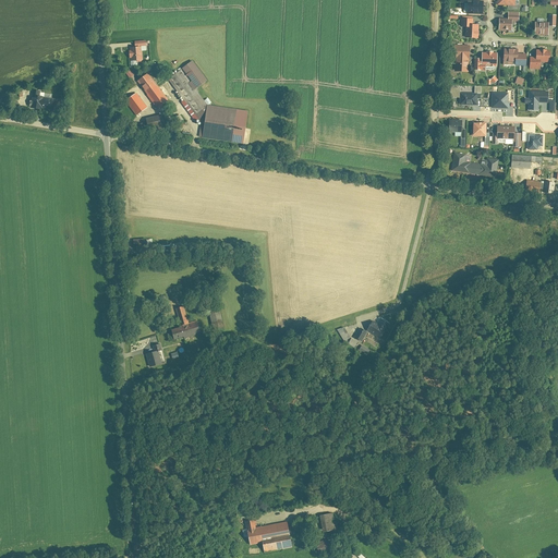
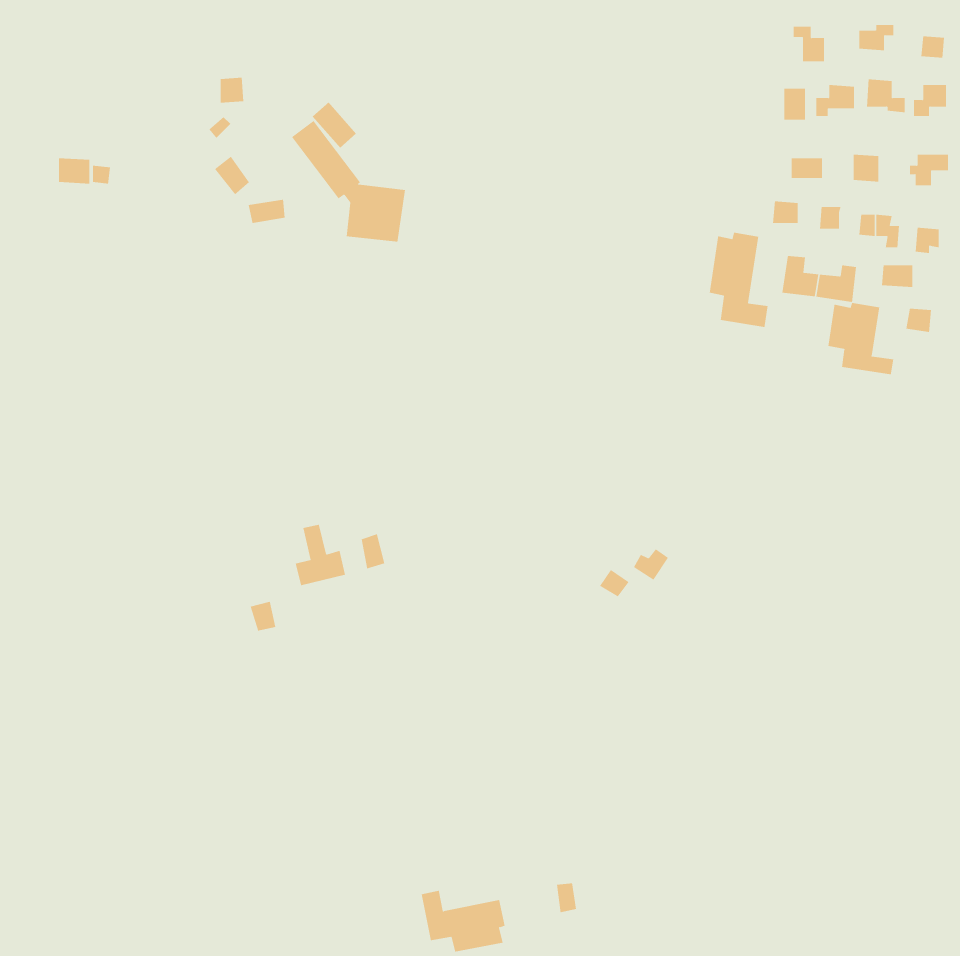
building: [136,71,168,106] -> none
building: none -> [709,232,768,328]
building: none -> [828,302,894,375]

